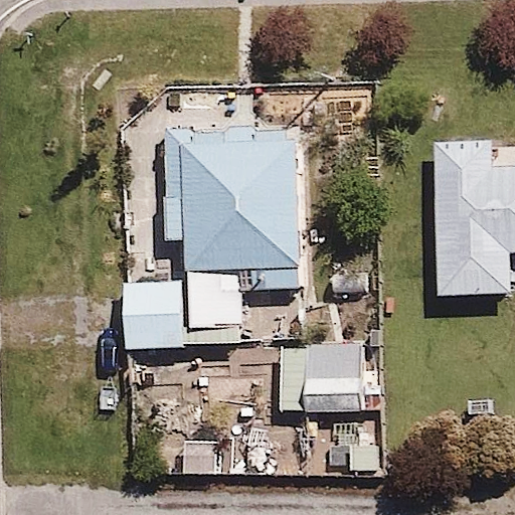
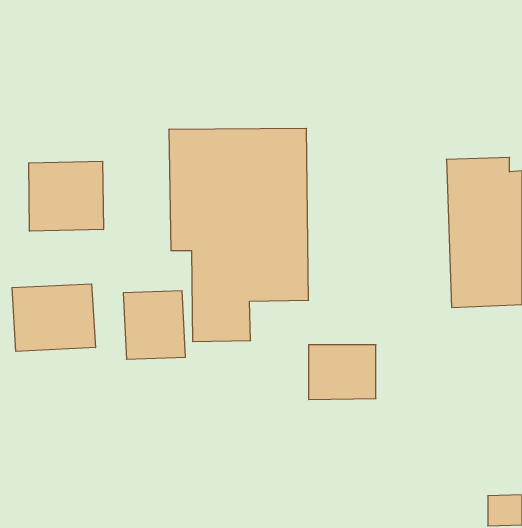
building: none -> [29,161,103,231]
building: none -> [12,284,95,351]

